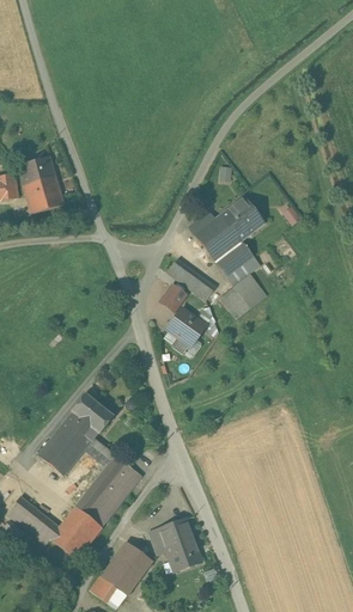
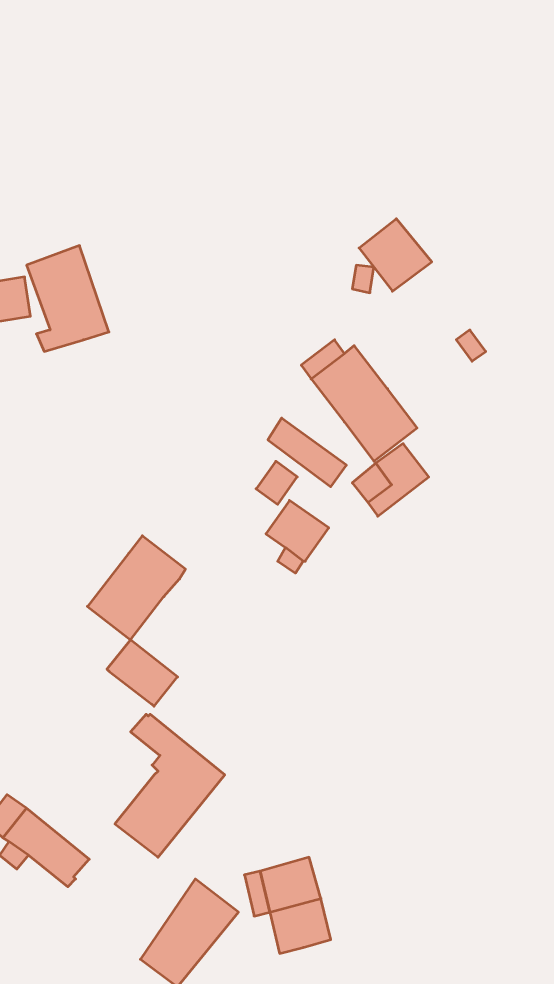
building: [220,196,264,240] -> [359,219,432,291]
building: [37,412,97,476] -> [87,536,185,640]
building: [49,506,102,559] -> none

